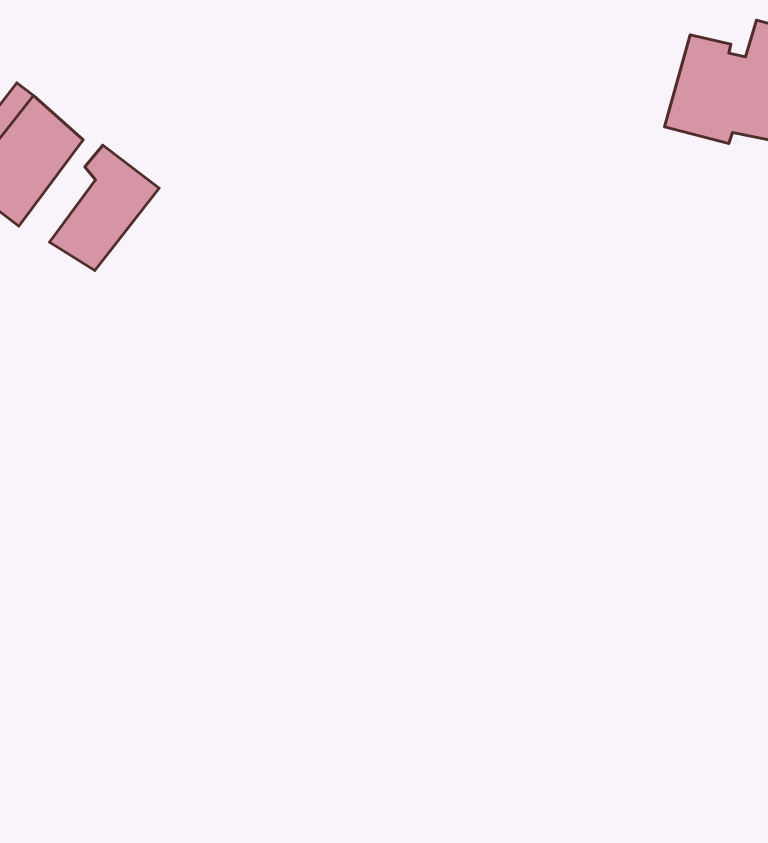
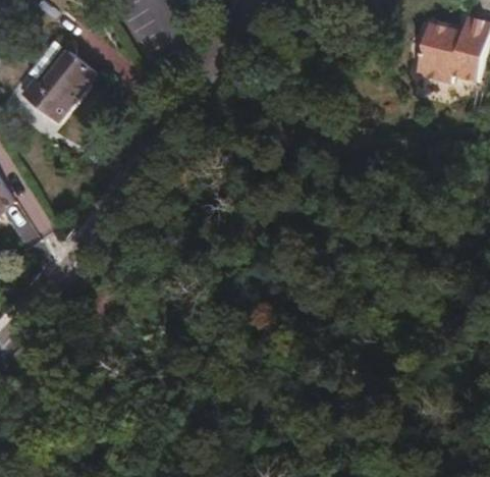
building: [49,145,159,271] -> none

